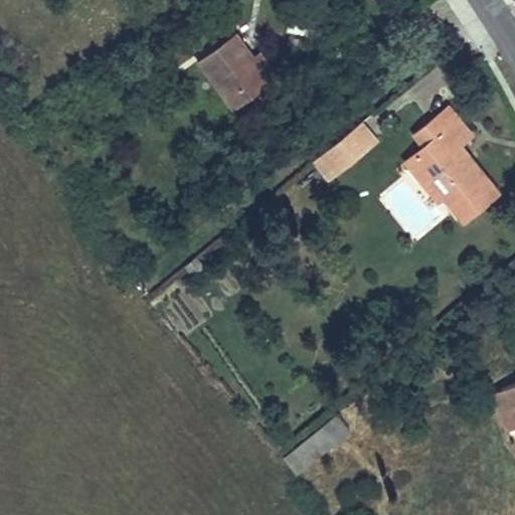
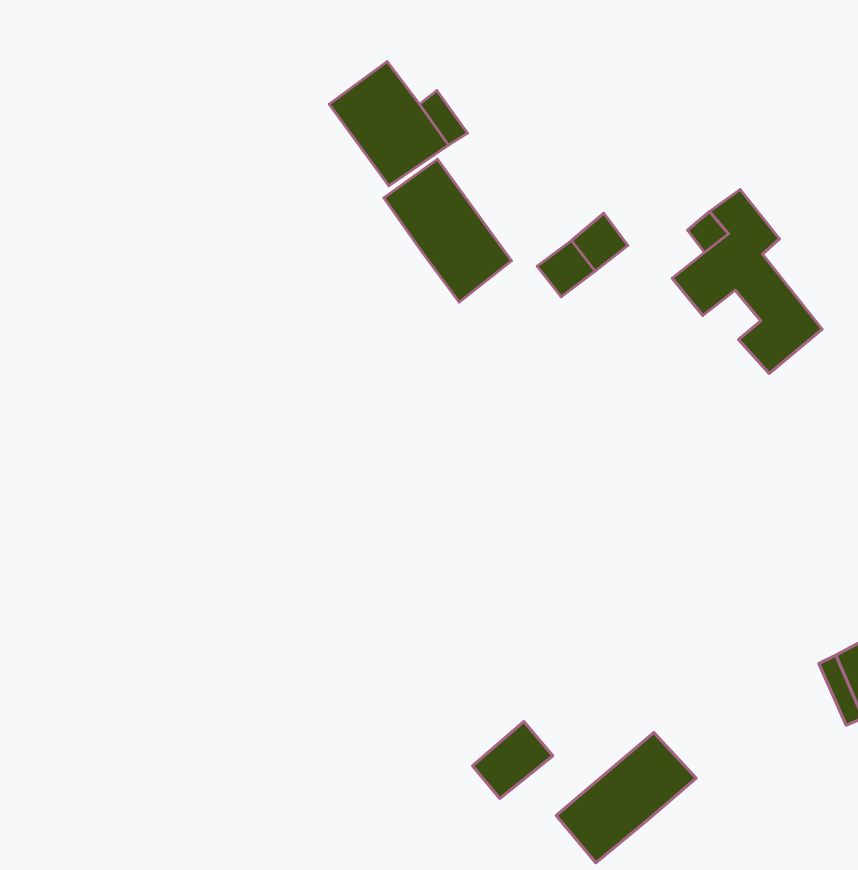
building: none -> [384,159,511,302]
building: none -> [556,732,696,863]

